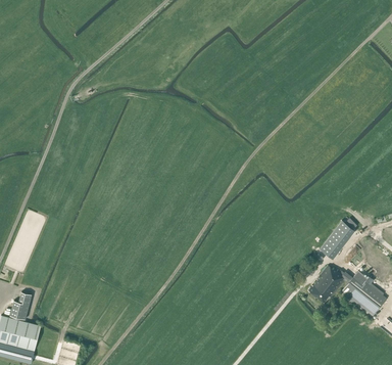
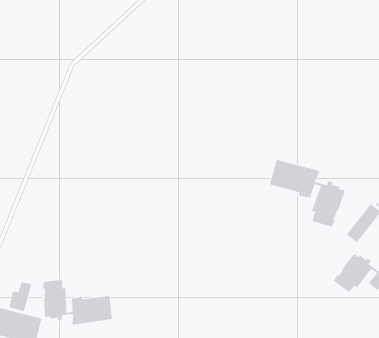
building: none -> [269,159,345,228]
building: none -> [43,279,112,326]

